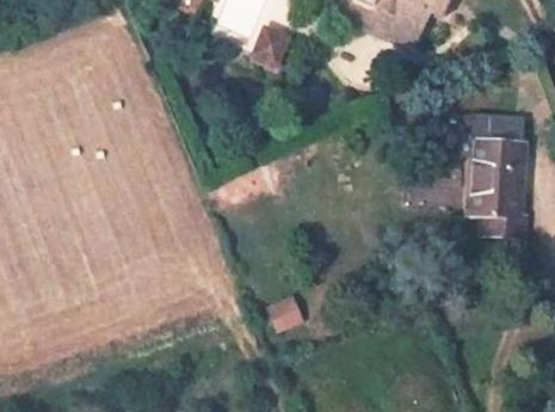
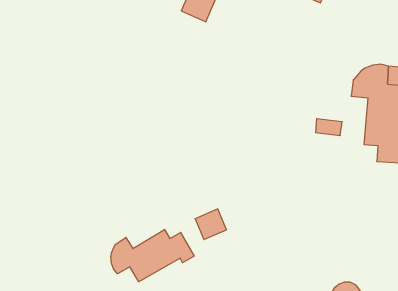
building: none -> [111,229,194,282]

